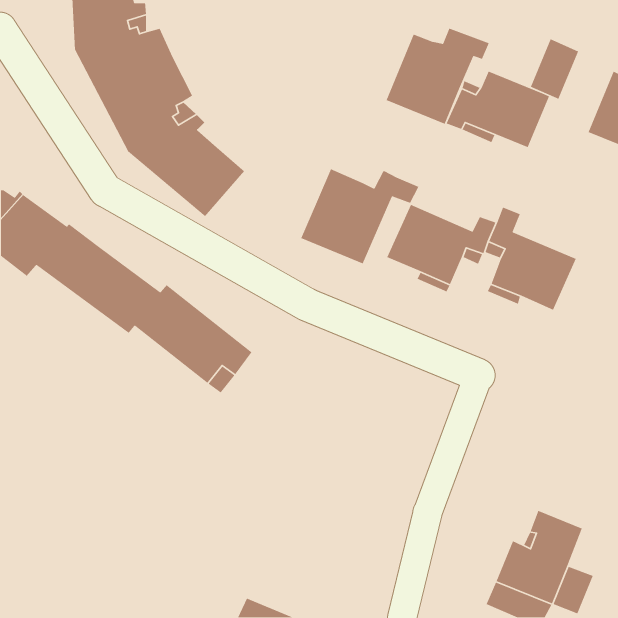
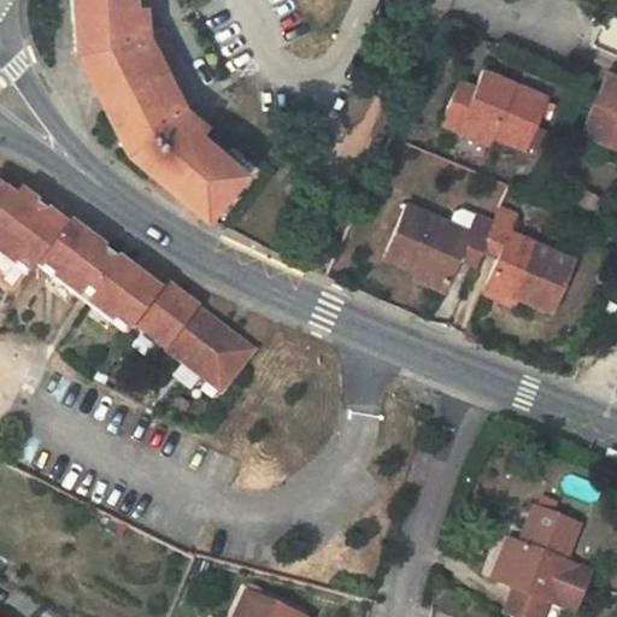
building: [386,27,490,125] -> none
building: [530,38,579,100] -> none
building: [300,168,419,265] -> none

